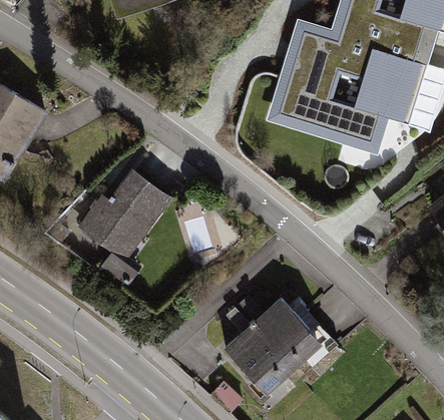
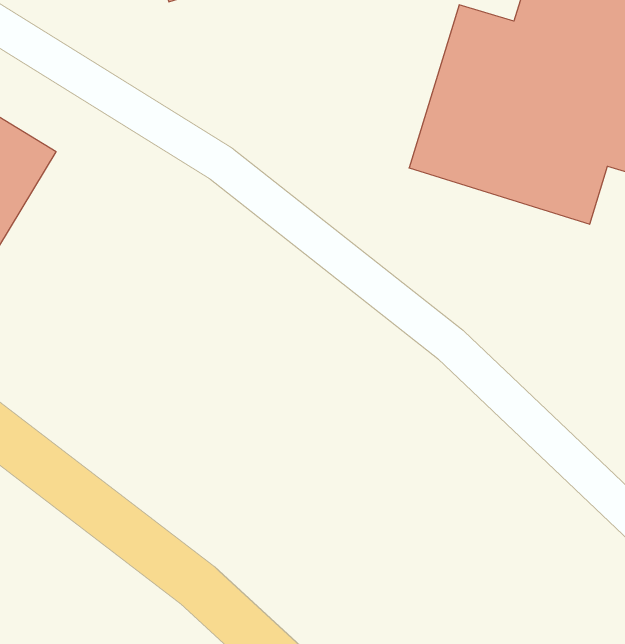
building: [77,168,172,289] -> none
building: [224,298,323,395] -> none

